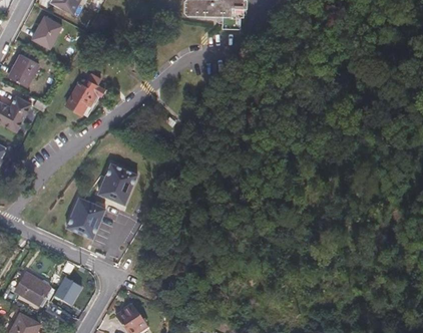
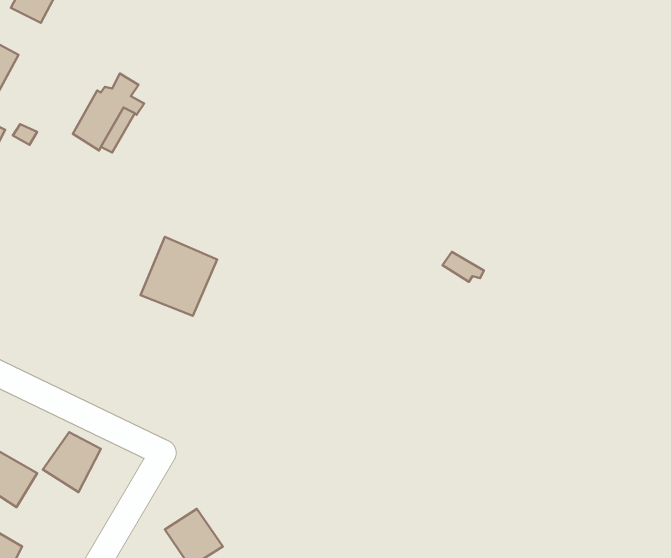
building: [68,195,109,237] -> none

